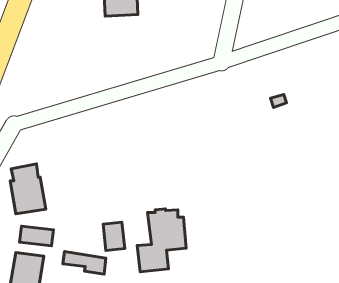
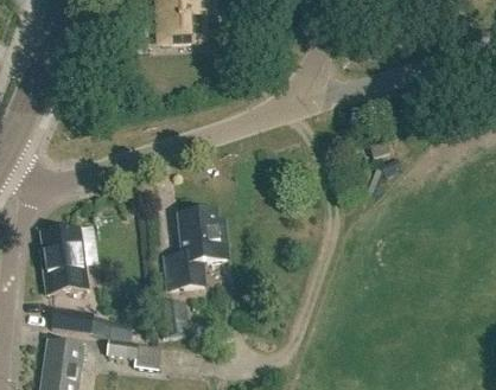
building: [137,209,186,272] -> [164,207,225,287]

